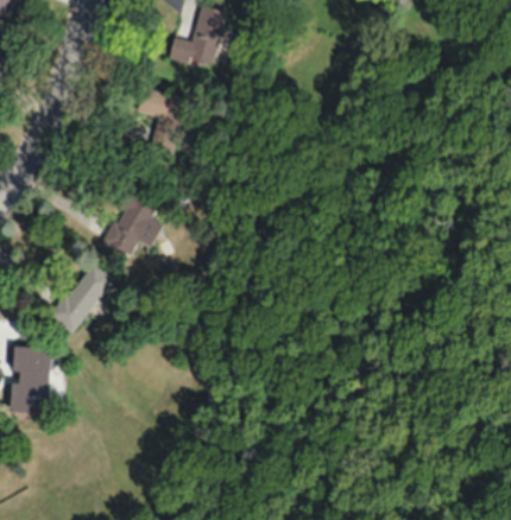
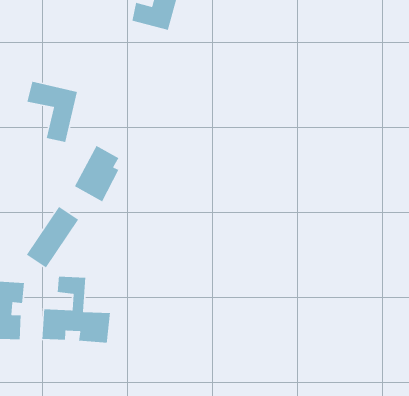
building: [130,85,187,154] -> [27,81,78,143]
building: none -> [41,276,111,344]

